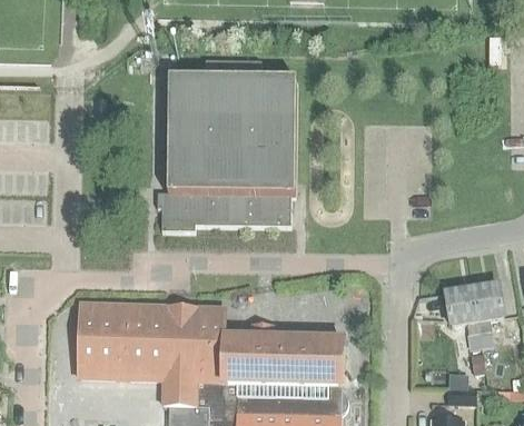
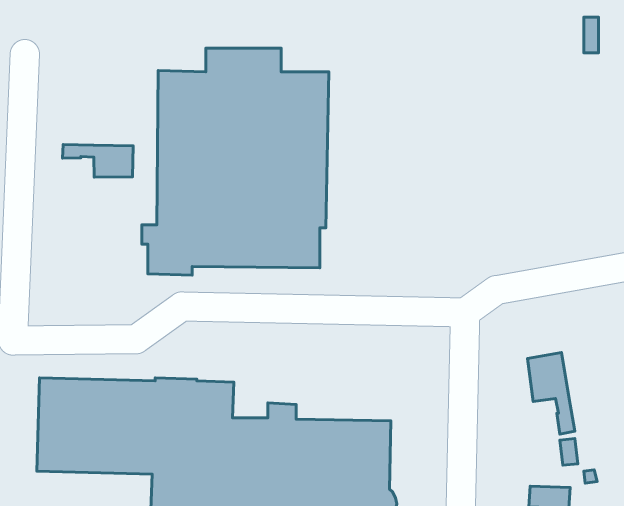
building: none -> [62,145,133,177]
building: [472,283,504,346] -> none

